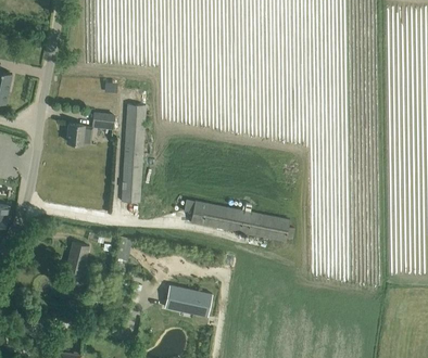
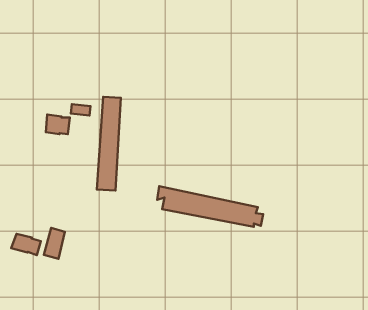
building: none -> [11,234,41,255]
building: [165,285,212,316] -> none

